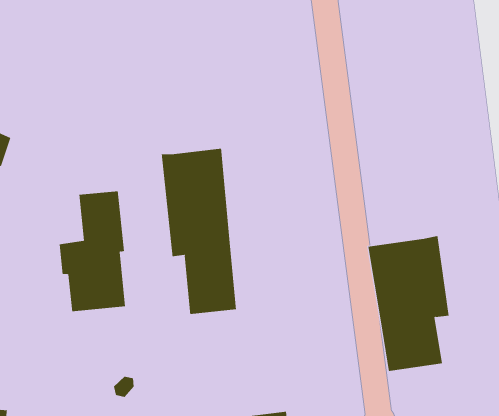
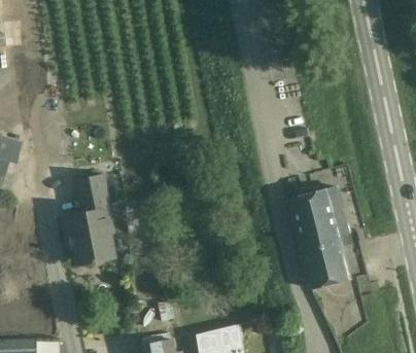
building: [161,148,237,315] -> none

